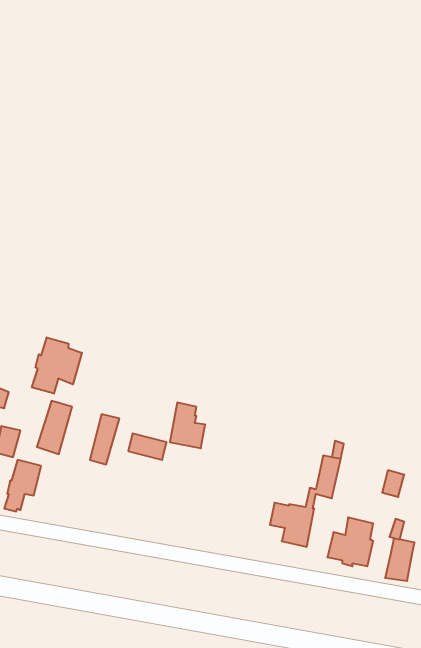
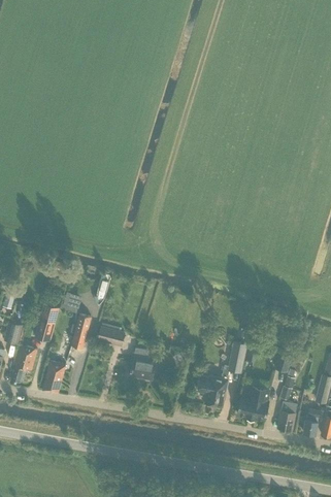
building: [32,337,82,394] -> none
building: [170,402,205,448] -> [130,347,155,379]
building: none -> [42,361,65,393]

